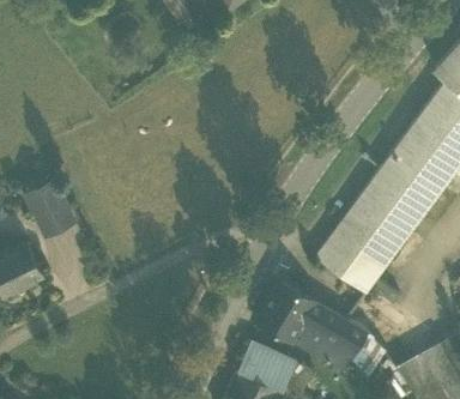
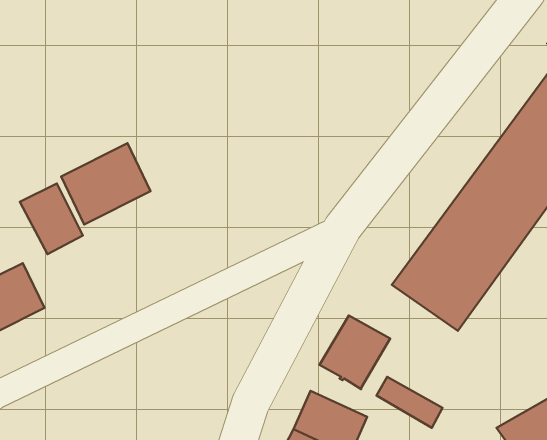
building: none -> [61,143,151,224]
building: [290,300,367,353] -> none

